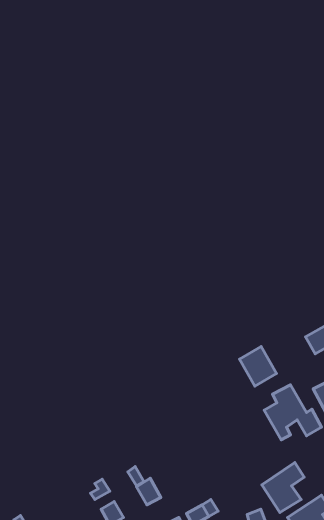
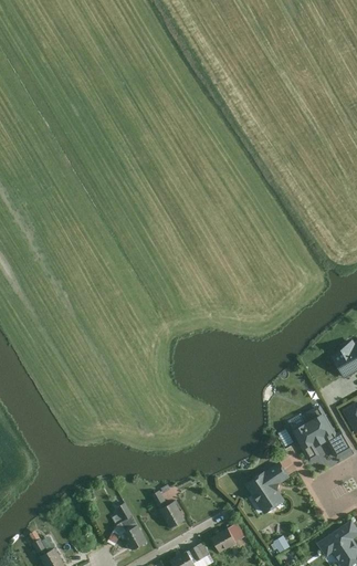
building: [239,347,277,386] -> none
building: [262,462,304,512] -> [244,462,288,514]

